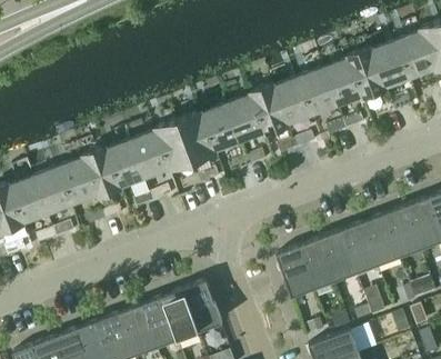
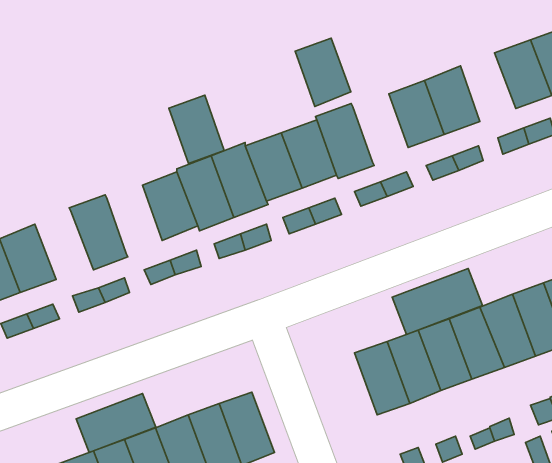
building: [347,47,387,98] -> none
building: [274,77,312,123] -> [295,38,351,107]
building: [107,139,144,186] -> [169,95,224,164]
building: [58,157,97,203] -> none
building: none -> [392,268,483,334]
building: none -> [76,394,156,452]

